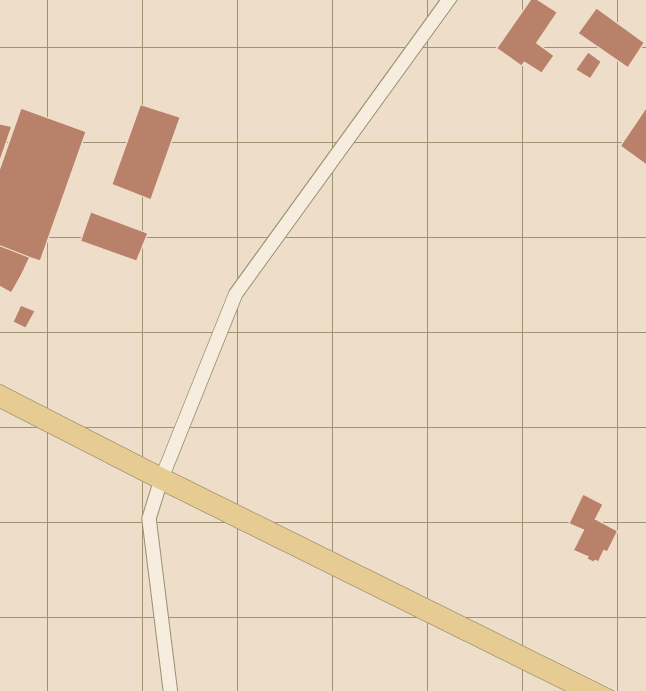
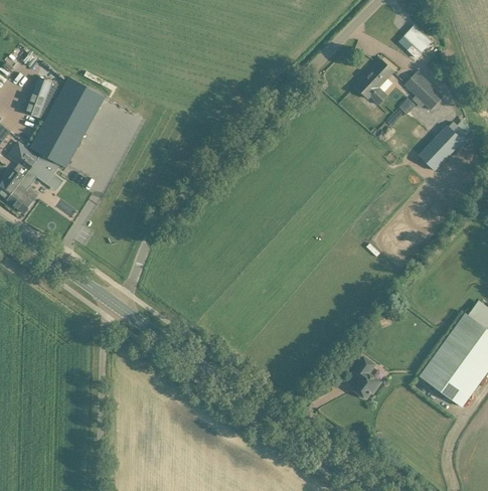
building: [112,104,180,200] -> none
building: [80,212,148,261] -> none

